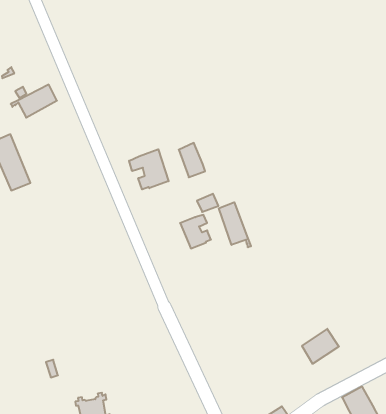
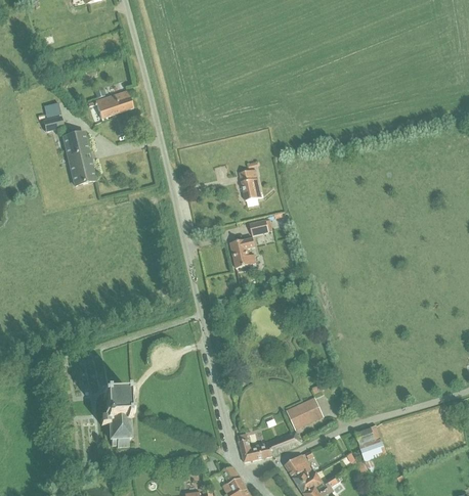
building: [129,149,169,189] -> none
building: [219,202,251,247] -> none
building: [302,329,339,364] -> [288,398,323,429]

